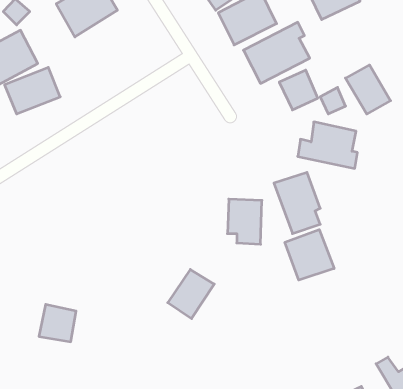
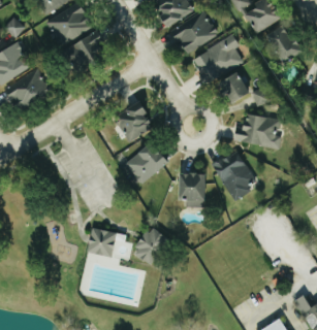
building: none -> [66,34,105,70]
building: [345,65,391,114] -> [266,24,302,62]
building: none -> [117,101,153,139]
building: none -> [124,140,168,184]
building: [285,230,334,280] -> none
building: [39,304,76,342] -> [87,227,116,256]

